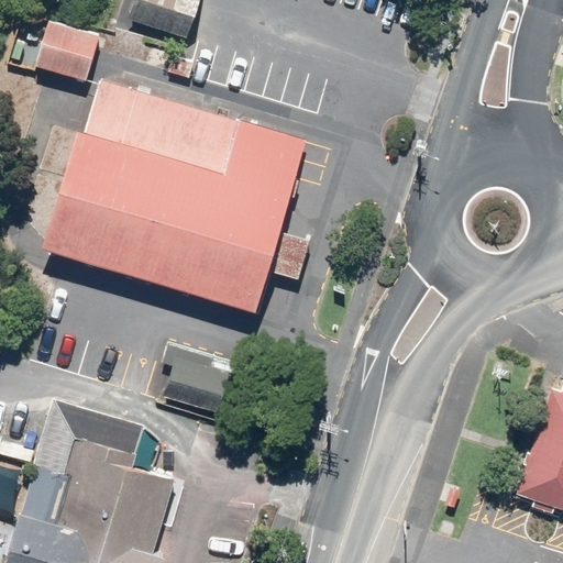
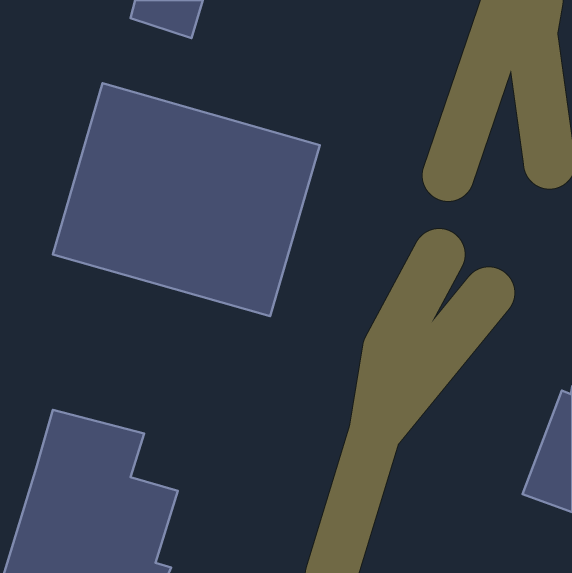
building: [35,21,99,81] -> none
building: [159,342,230,413] -> none

